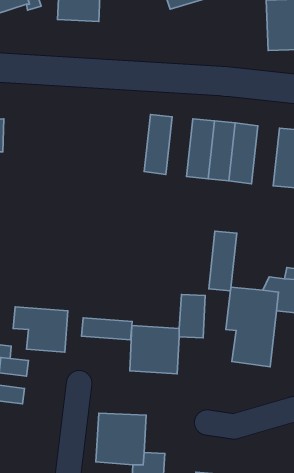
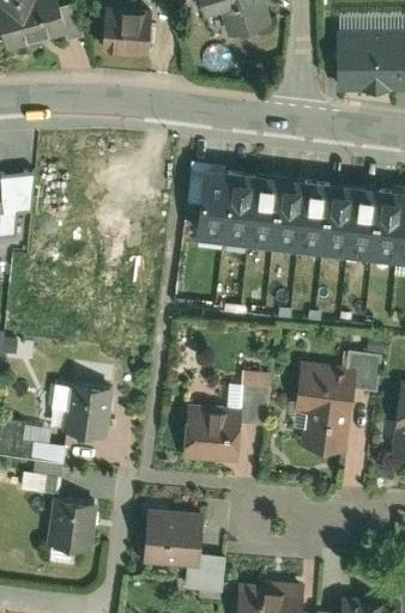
building: none -> [224,168,255,237]
building: [209,231,237,291] -> [324,178,356,248]
building: [81,318,132,340] -> none
building: none -> [46,503,95,554]

